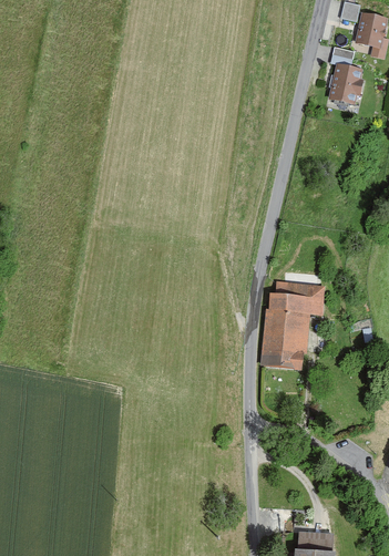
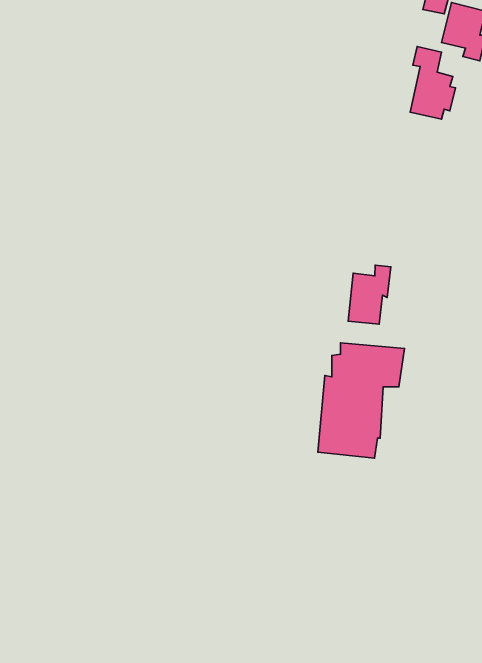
building: none -> [348,265,391,324]

